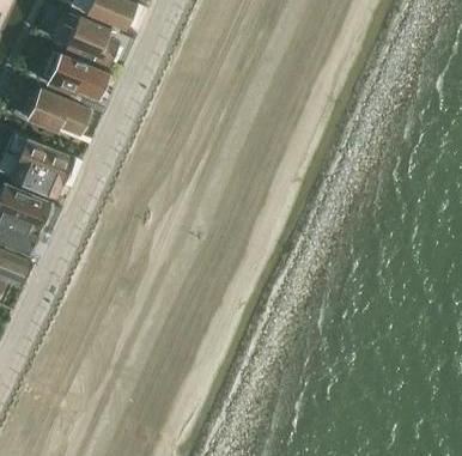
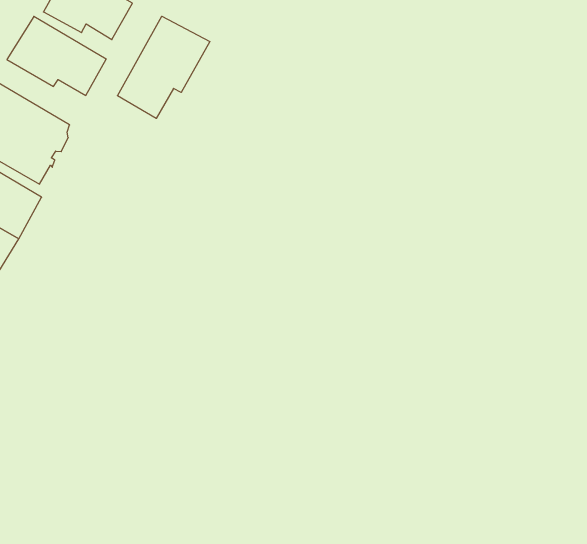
building: none -> [117,16,210,118]

